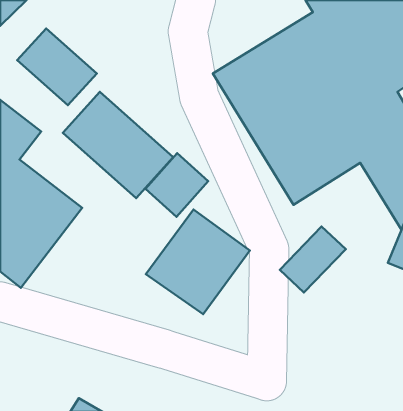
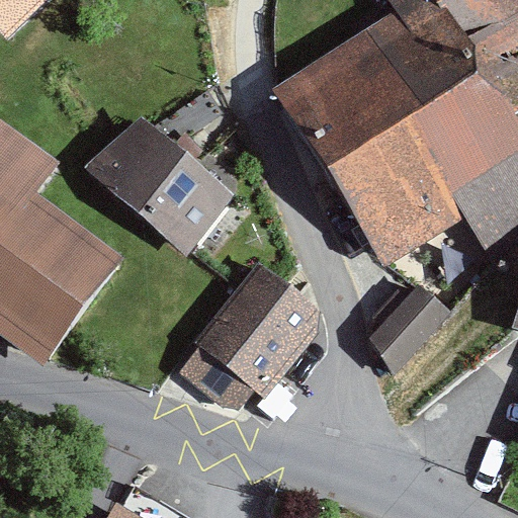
building: [17,29,97,105] -> none
building: [146,153,208,217] -> none

